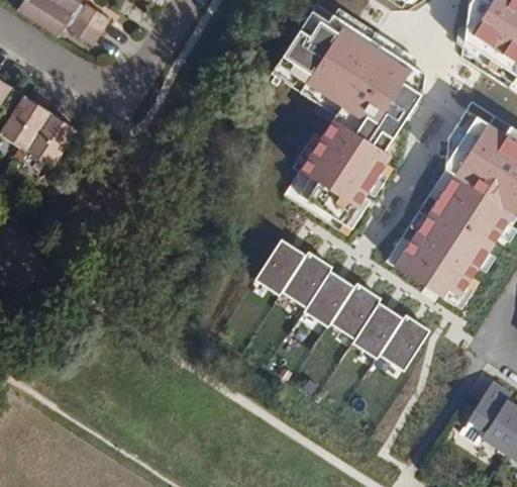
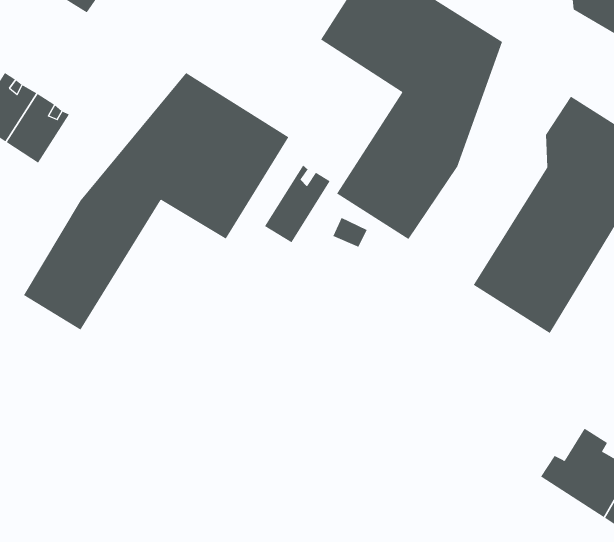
building: none -> [23,72,289,331]
building: none -> [264,164,330,243]
building: [249,235,428,366] -> none

